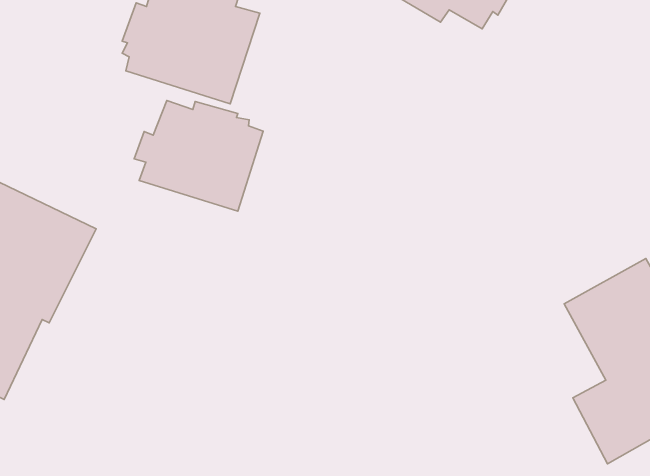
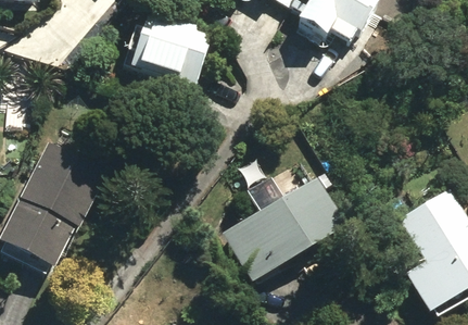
building: [134,101,263,211] -> none
building: none -> [217,177,345,286]

